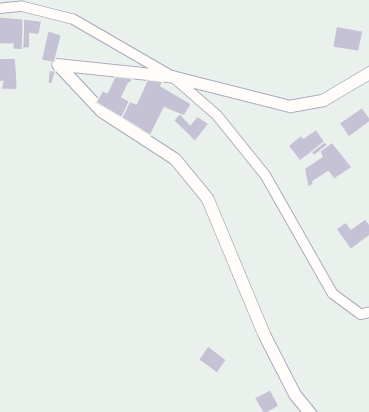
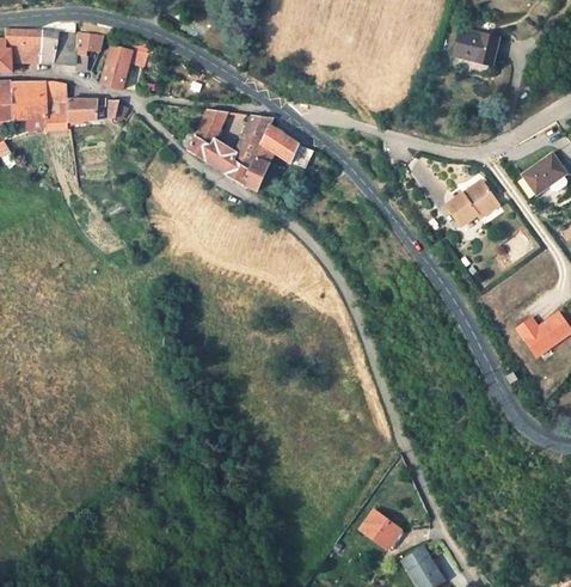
building: [333,26,363,51] -> [452,31,495,66]
building: none -> [67,99,99,120]
building: [174,114,209,142] -> none
building: [304,142,352,188] -> none
building: [199,346,227,373] -> [361,510,400,549]

